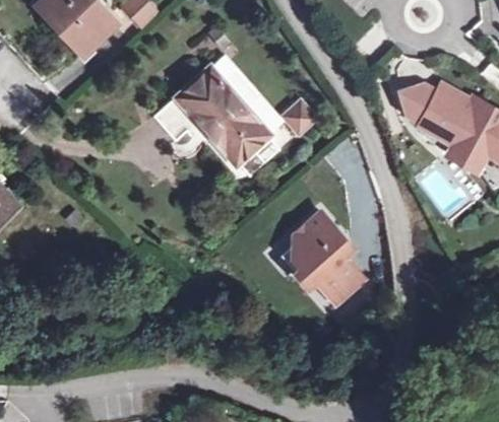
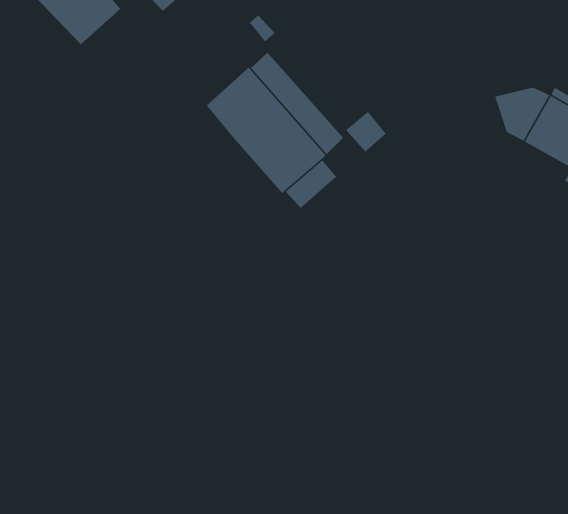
building: [153,96,196,140] -> none
building: [291,212,363,303] -> none

